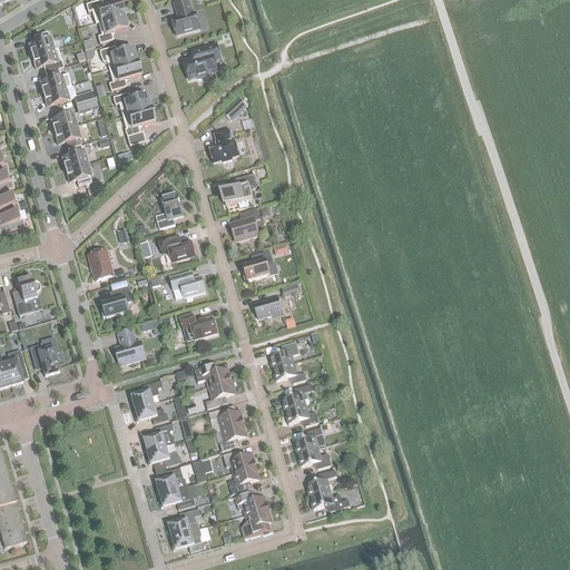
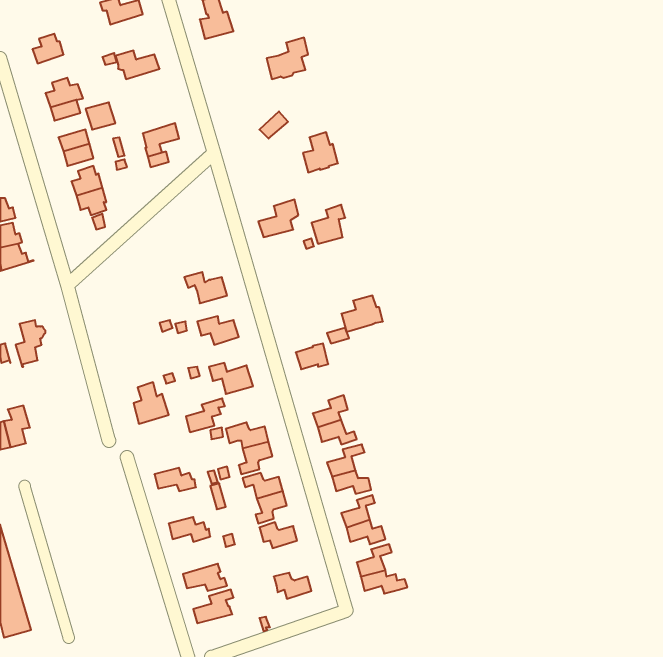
building: [97,12,127,41] -> none
building: [184,41,219,77] -> [267,38,308,79]
building: [32,47,63,71] -> none
building: [108,59,140,89] -> none
building: [112,90,150,115] -> none
building: [208,127,238,161] -> [303,132,338,172]
building: [155,191,183,227] -> none
building: [230,206,259,239] -> [311,205,345,244]
building: [88,247,127,283] -> none
building: [243,248,278,279] -> [341,296,383,332]
building: [101,285,132,316] -> none
building: [29,342,59,374] -> none
building: [129,379,163,407] -> [186,398,225,432]
building: [141,422,175,450] -> none
building: [228,464,258,493] -> none
building: [154,465,187,493] -> none
building: [242,508,271,535] -> none
building: [169,528,203,551] -> none

